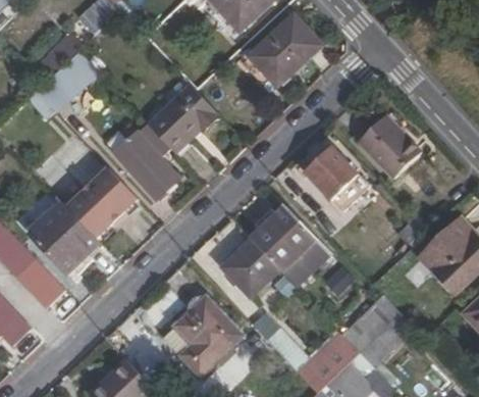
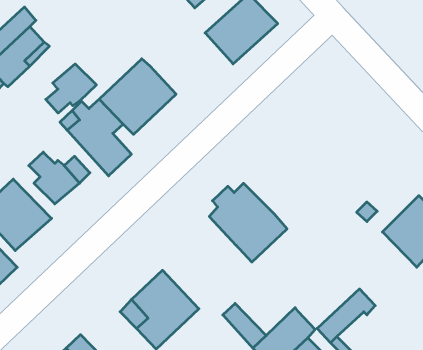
building: none -> [46,64,96,113]
building: [359,113,421,176] -> none
building: [309,149,367,209] -> none
building: [223,240,280,297] -> none
building: [341,294,402,351] -> none

